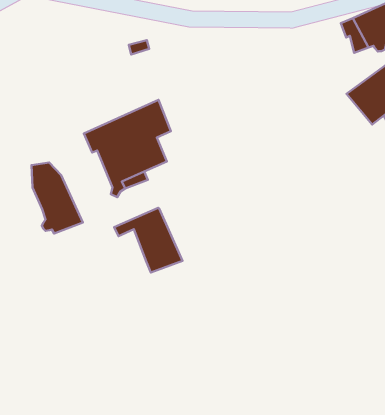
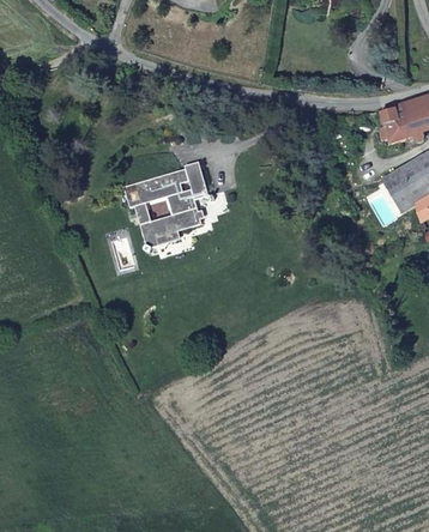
building: [31,162,83,233] -> none
building: [114,208,182,272] -> none

